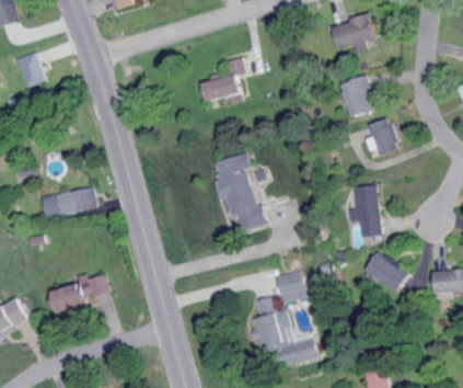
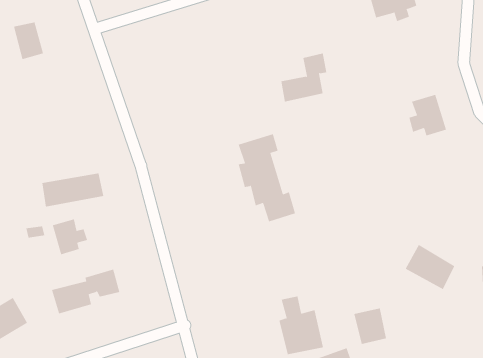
building: [204,57,245,101] -> [281,53,327,102]
building: [343,77,375,117] -> none
building: [347,185,381,237] -> none
building: none -> [52,218,88,255]
building: [276,270,305,303] -> [354,308,387,345]

